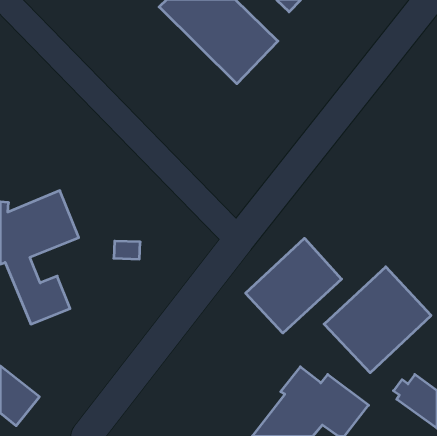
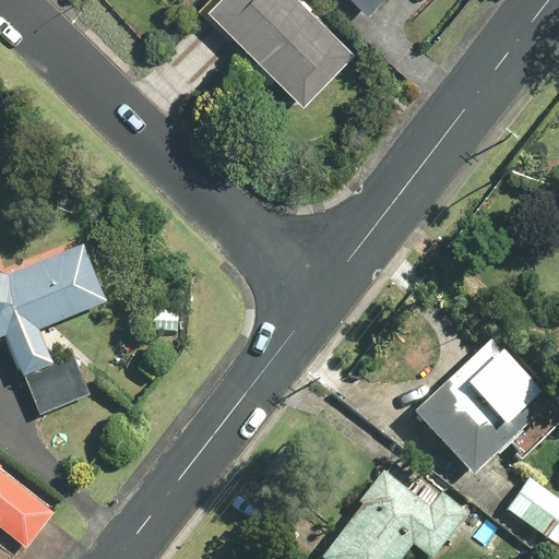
building: [246,238,342,333] -> none

